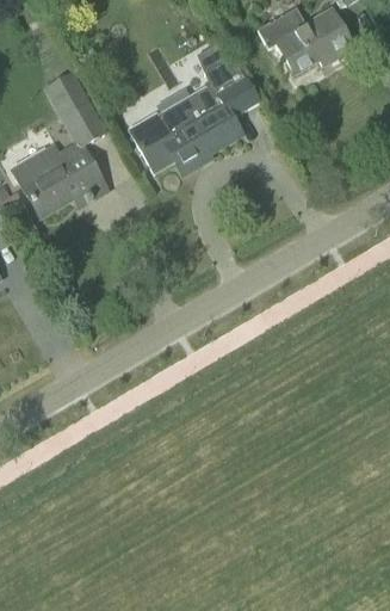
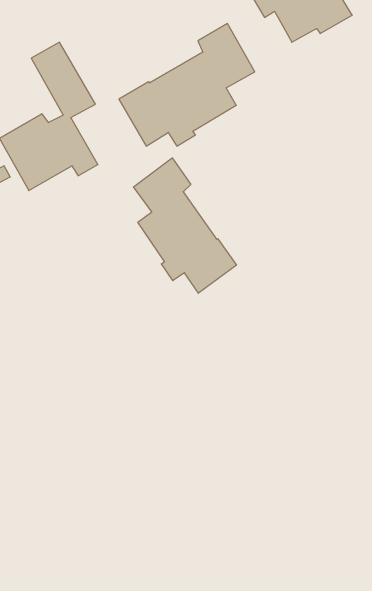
building: none -> [134,158,236,293]

